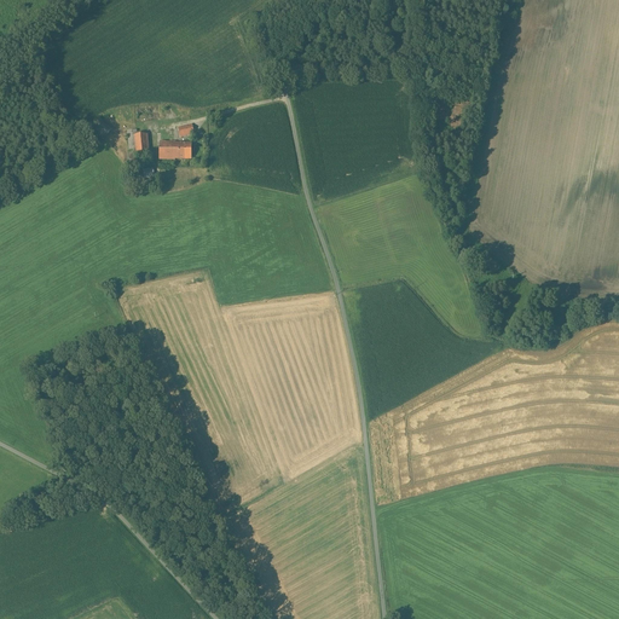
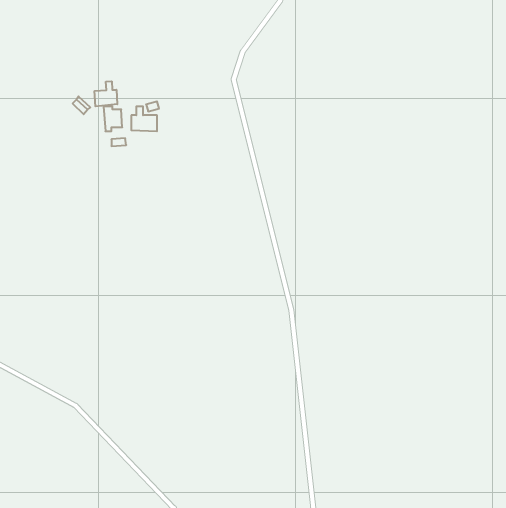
building: none -> [95,81,117,106]

